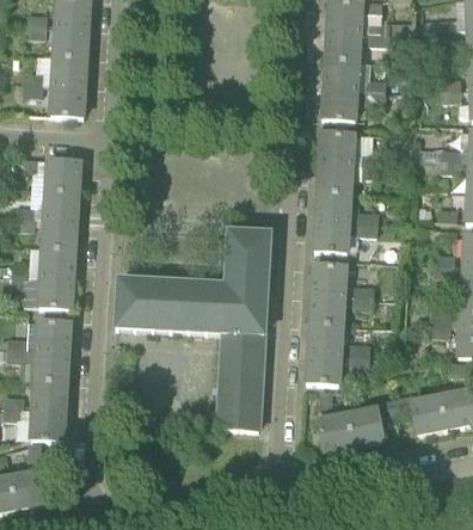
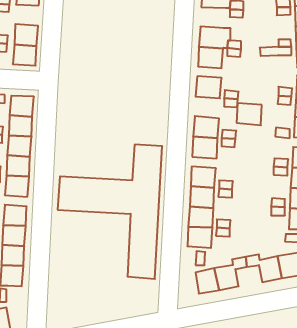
building: [54,26,88,57] -> none
building: [326,30,363,61] -> none
building: [318,161,355,193] -> [237,103,262,125]

